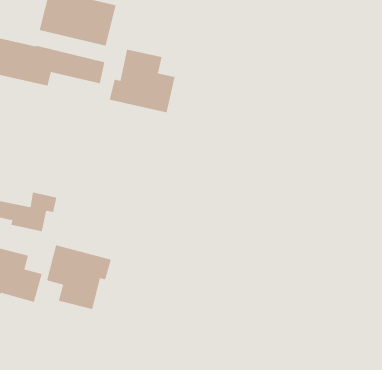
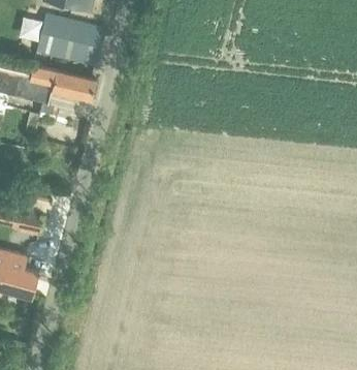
building: [109,49,175,113] -> none
building: [46,245,112,310] -> none

